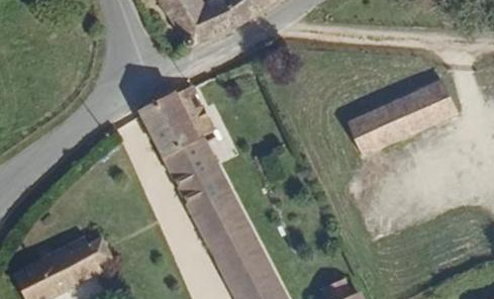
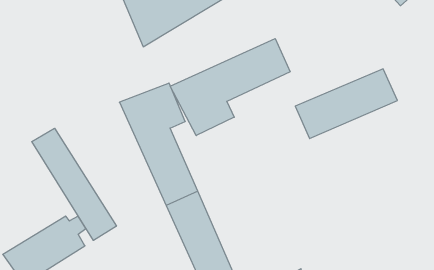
building: none -> [170,39,290,136]
building: none -> [32,128,116,240]

